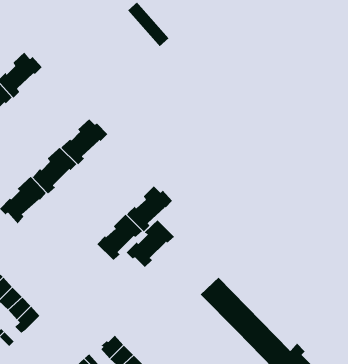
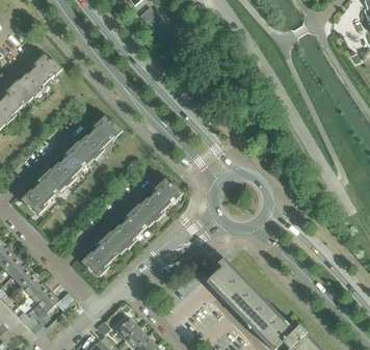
building: [126,219,175,268] -> [81,232,127,277]

